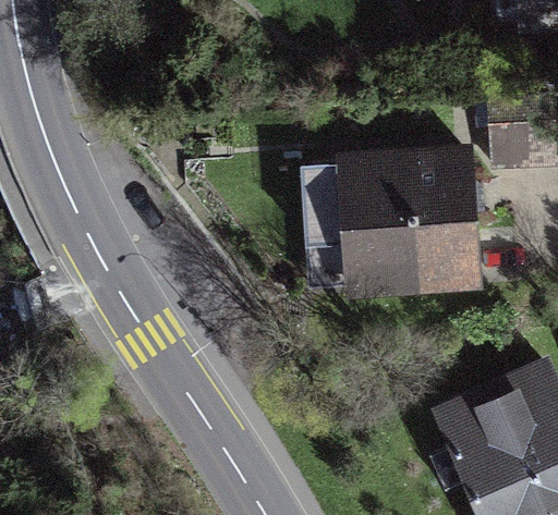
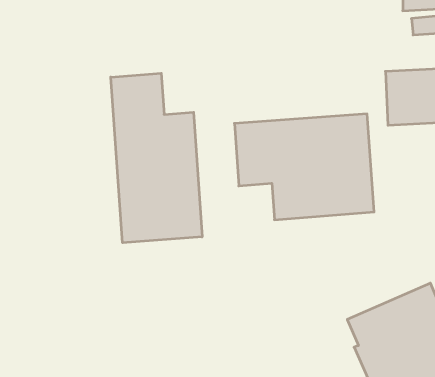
building: none -> [111,73,202,243]

